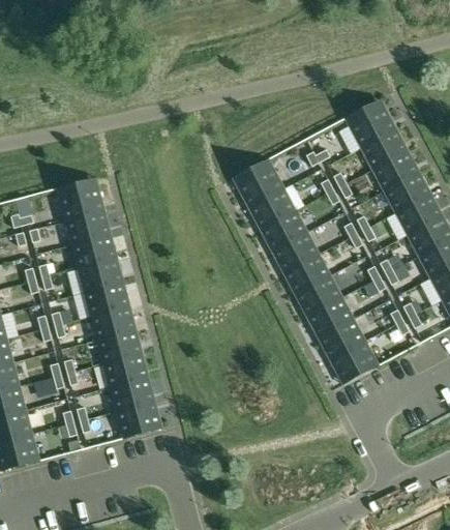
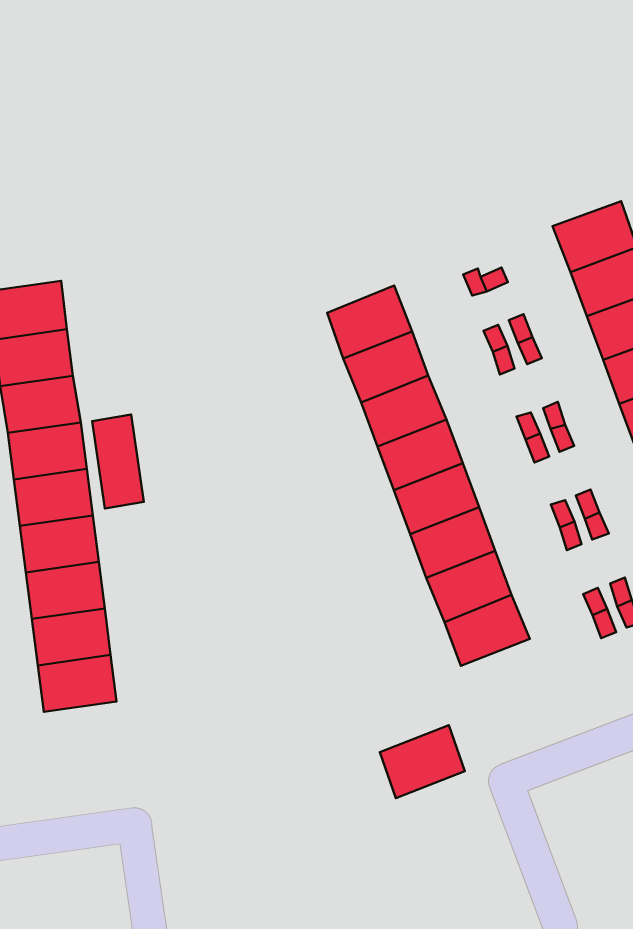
building: none -> [92,415,144,509]
building: [331,340,377,381] -> [380,725,465,798]
building: [117,400,161,435] -> none

